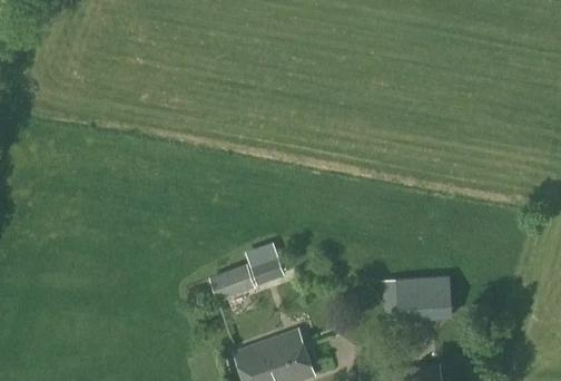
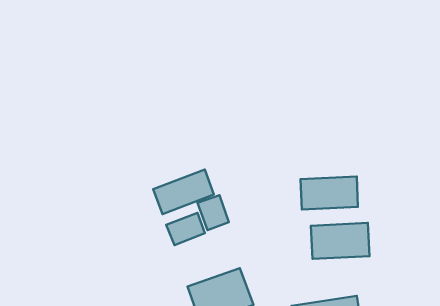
building: none -> [153,169,214,214]
building: none -> [300,177,358,209]

